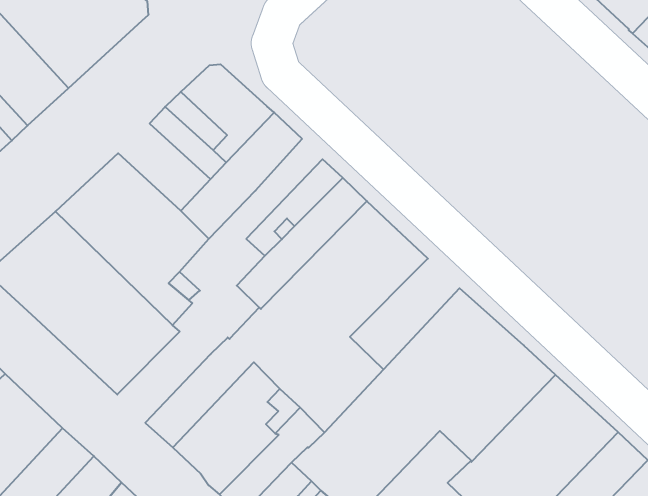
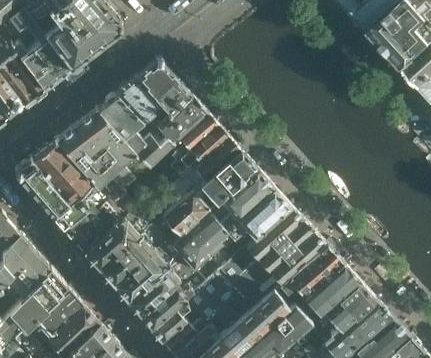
building: none -> [96,94,149,147]
building: none -> [155,111,216,173]
building: none -> [223,188,290,251]
building: none -> [83,216,140,270]

